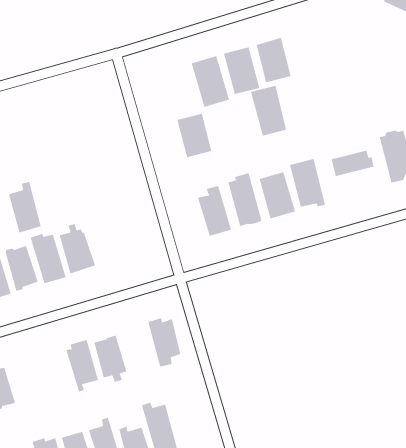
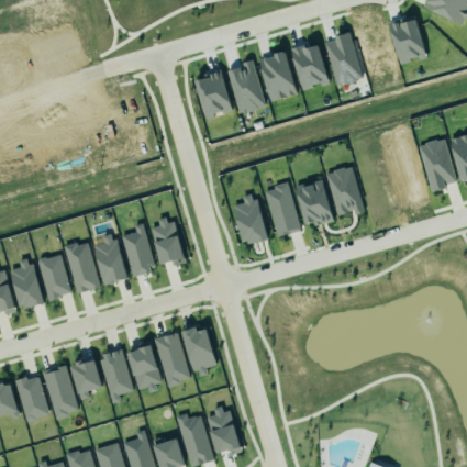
building: none -> [388,15,426,64]
building: [250,85,287,136] -> [324,34,362,86]
building: [177,113,212,158] -> [196,73,232,118]
building: [331,150,374,177] -> none
building: [8,181,42,233] -> [121,223,155,276]
building: none -> [151,218,185,266]
building: none -> [154,333,190,387]
building: none -> [70,360,102,400]
building: none -> [42,365,78,421]
building: none -> [207,404,241,455]

